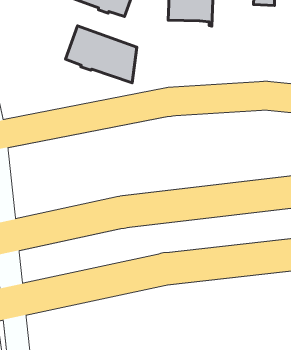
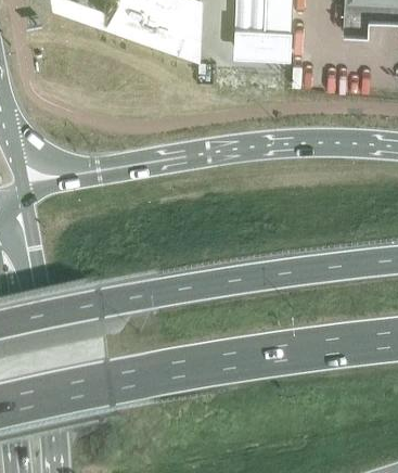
building: [66,26,137,83] -> none

